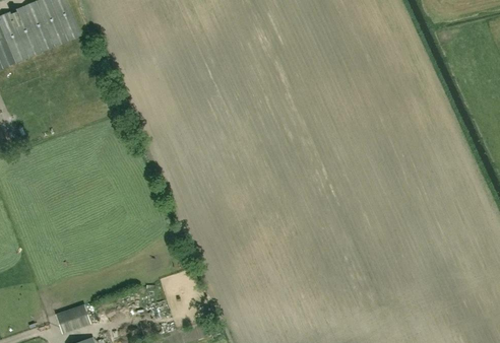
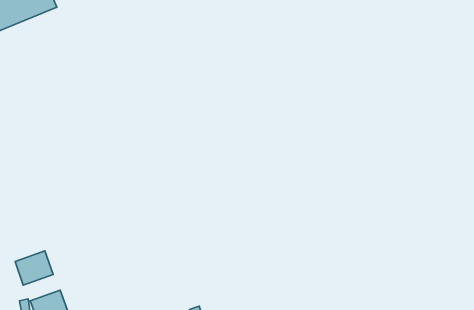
building: none -> [15,251,53,285]

